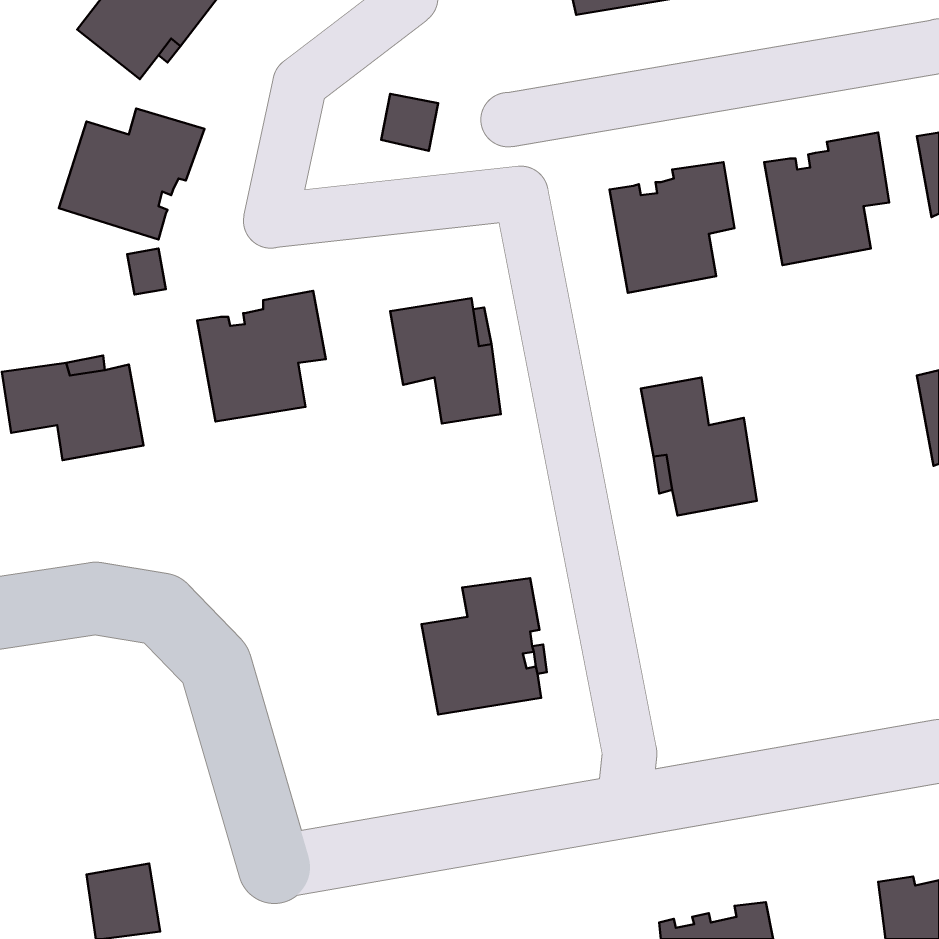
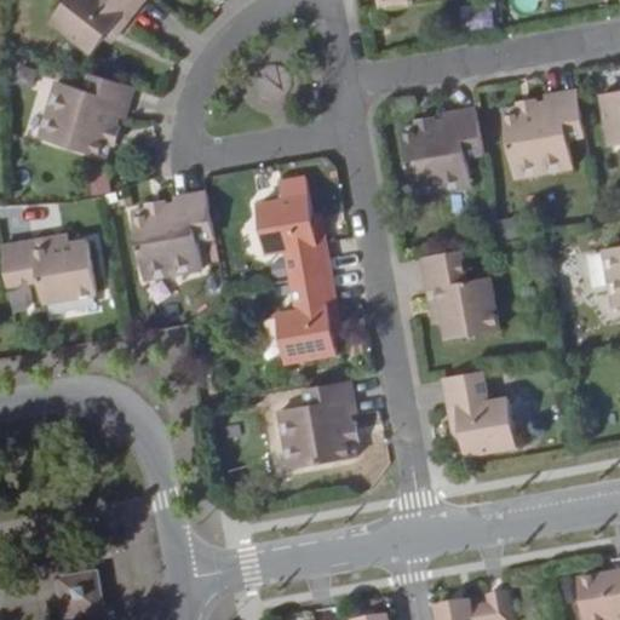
building: none -> [276,272,339,362]
building: none -> [443,369,516,455]

